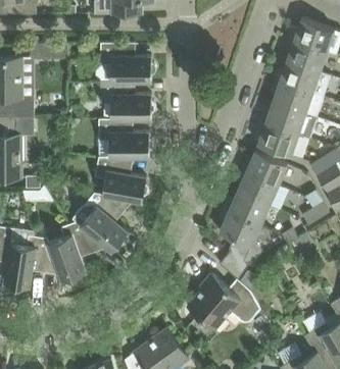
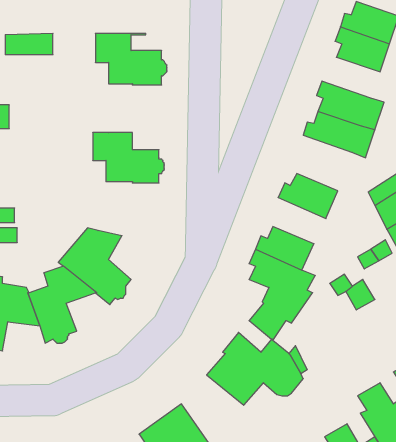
building: [275,62,320,94] -> none
building: [100,82,155,121] -> none
building: [256,122,298,157] -> none
building: [94,158,148,204] -> none
building: [236,170,278,206] -> none

